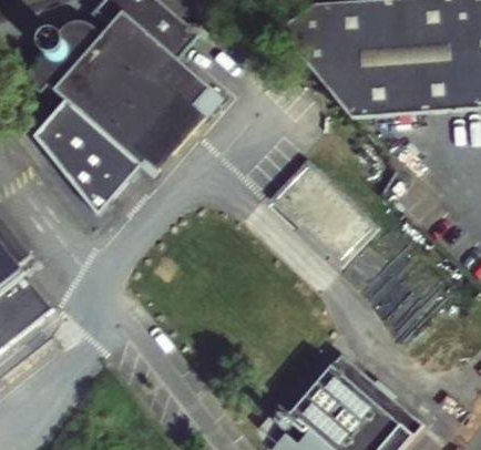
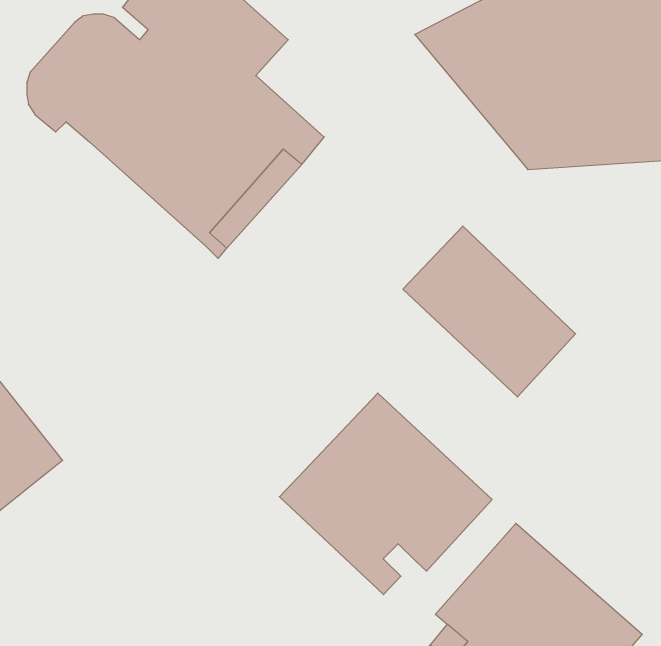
building: [34,101,141,217] -> none
building: none -> [279,393,492,595]

